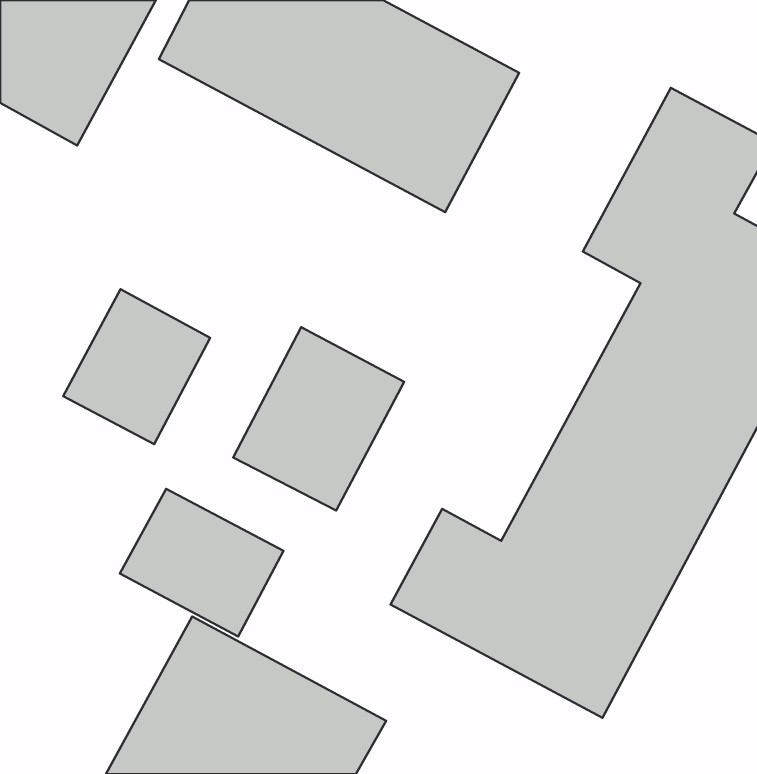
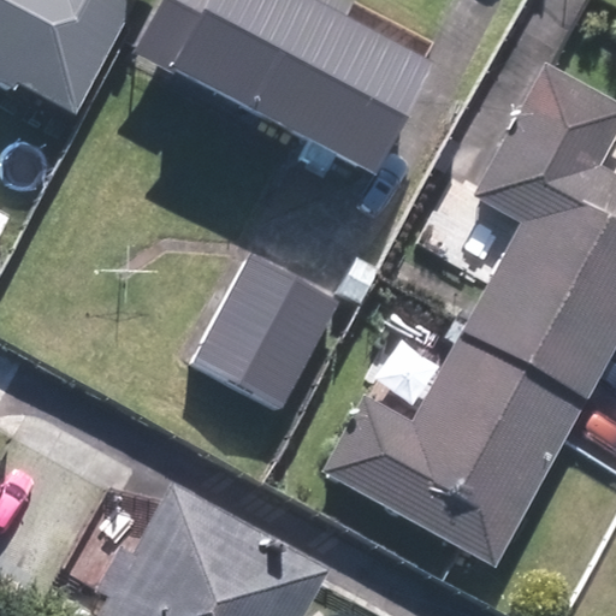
building: [63,289,210,444] -> none
building: [120,489,283,637] -> none

